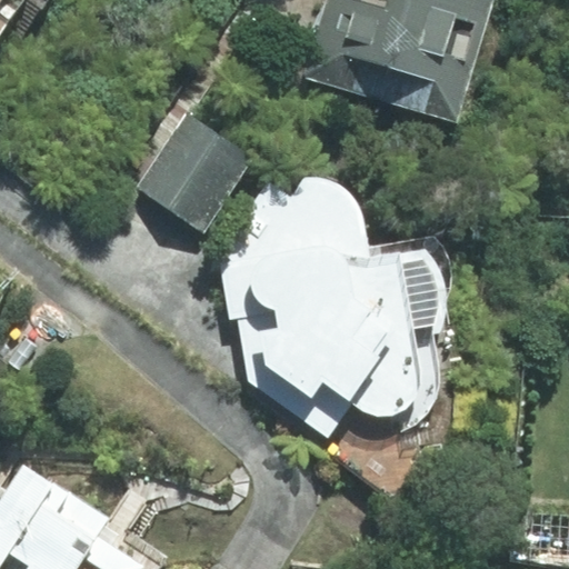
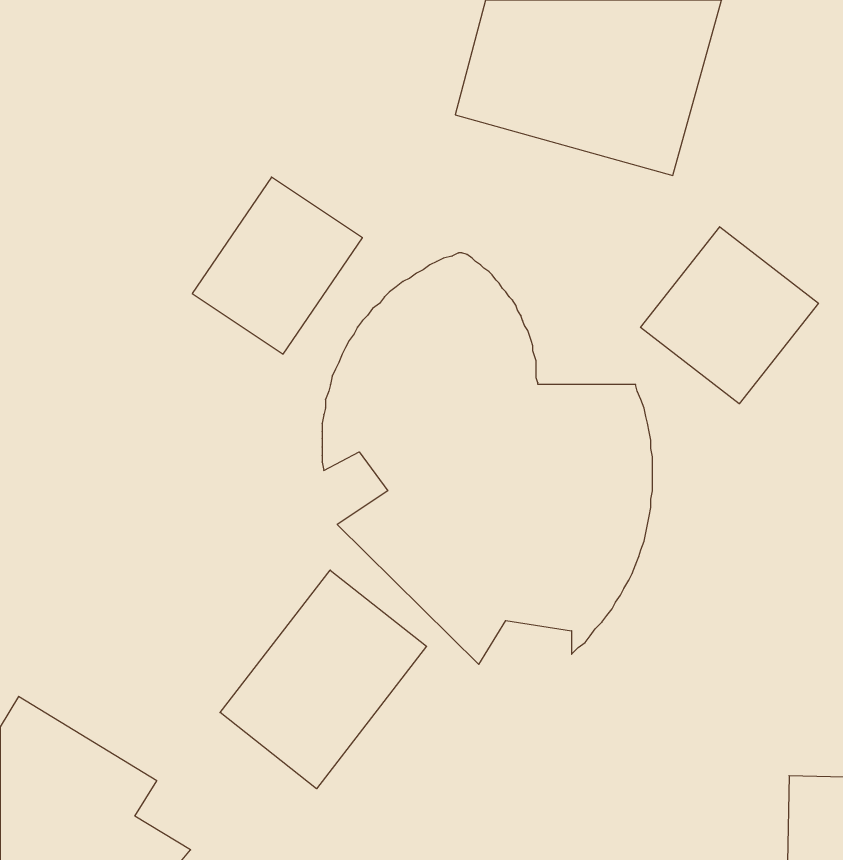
building: none -> [641,227,818,404]
building: none -> [220,570,427,789]

